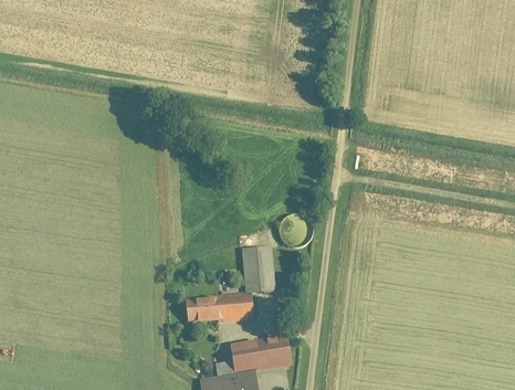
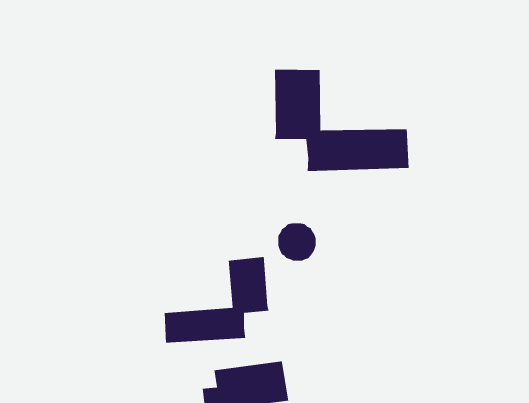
building: none -> [274,69,410,172]

